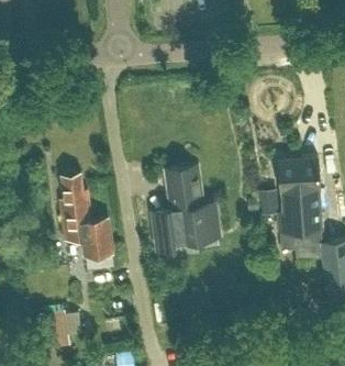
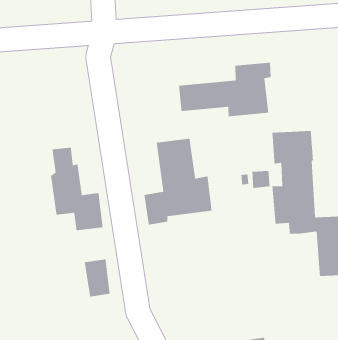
building: none -> [178,62,272,117]
building: [43,311,69,350] -> [84,259,111,298]

